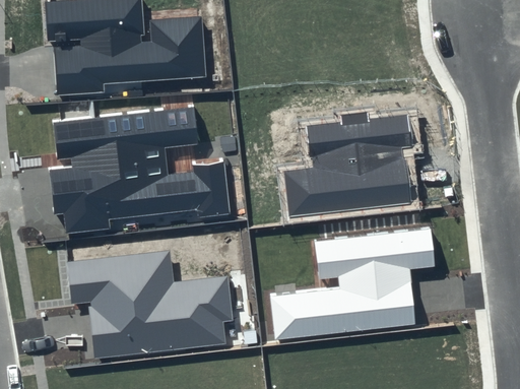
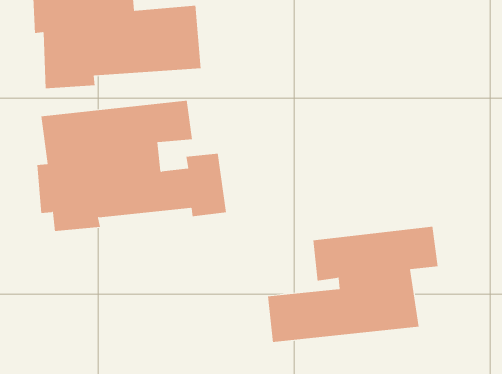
building: [282,114,413,218] -> none
building: [66,250,233,358] -> none

